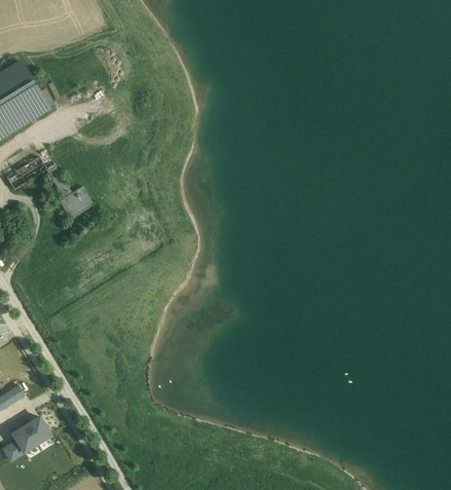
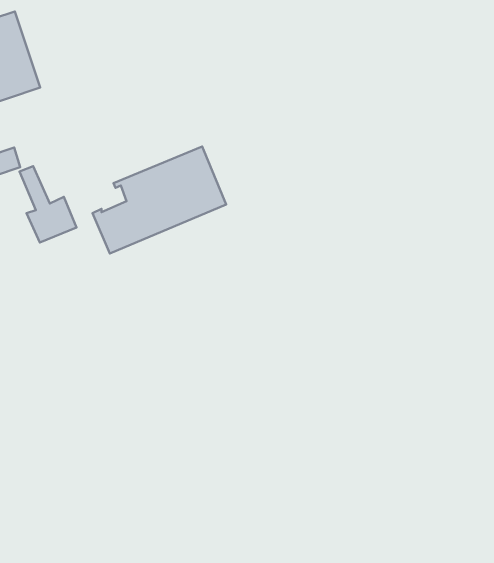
building: none -> [92,146,226,253]

